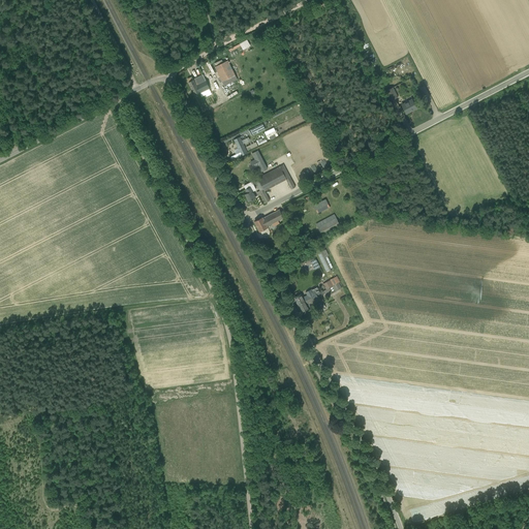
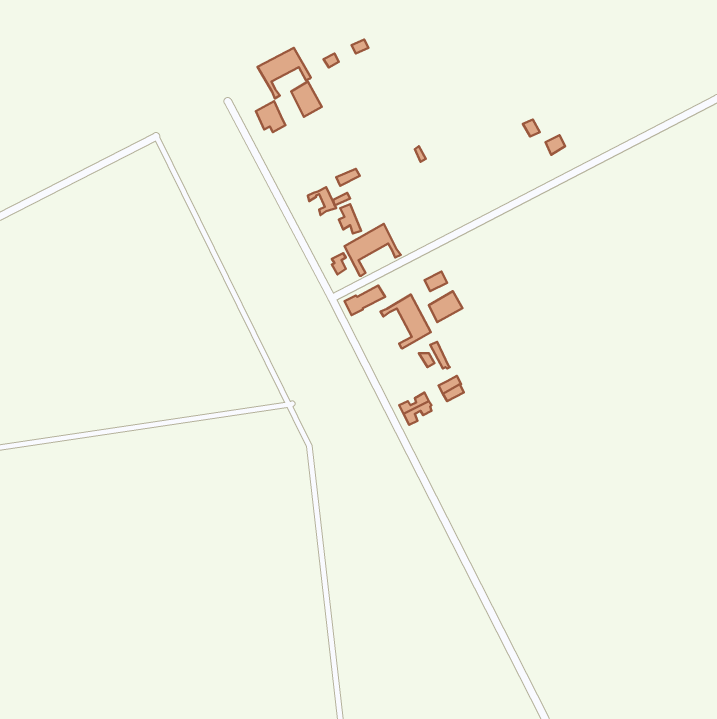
building: none -> [257,48,311,98]
building: none -> [380,295,431,349]

